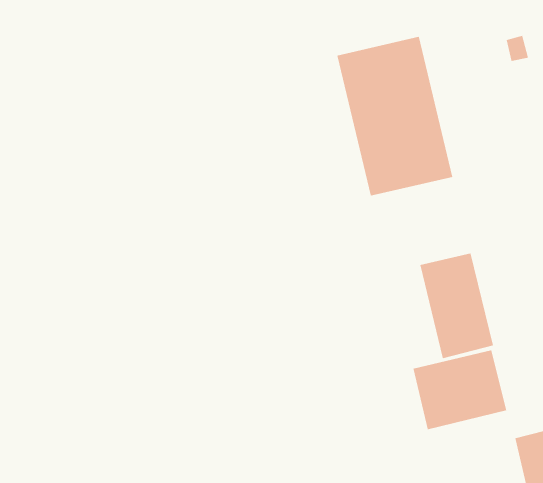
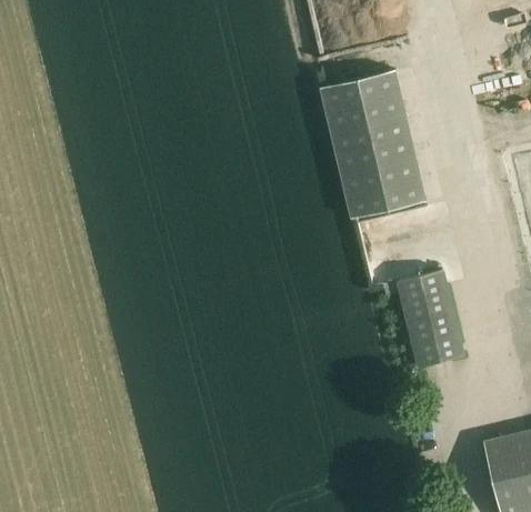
building: [413,350,507,430] -> none

